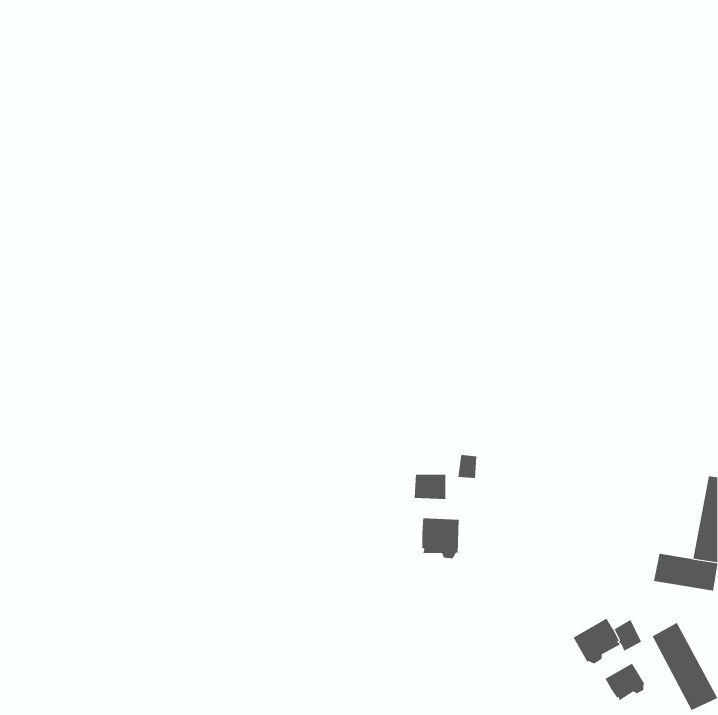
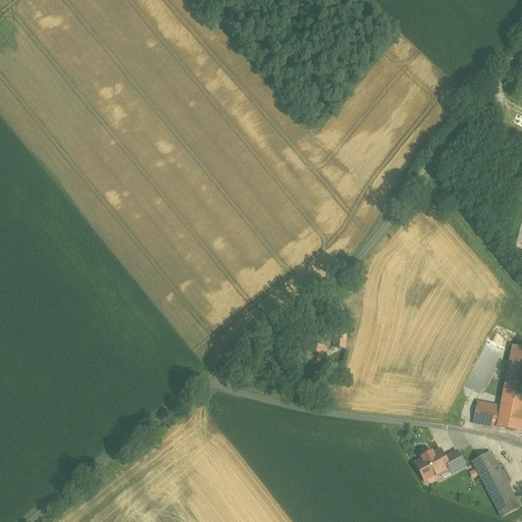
building: [422,518,459,559] -> none
building: [605,663,645,701] -> none

